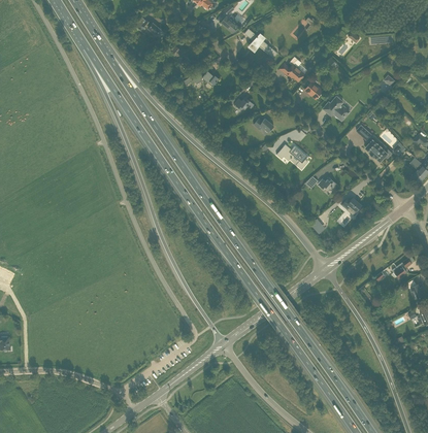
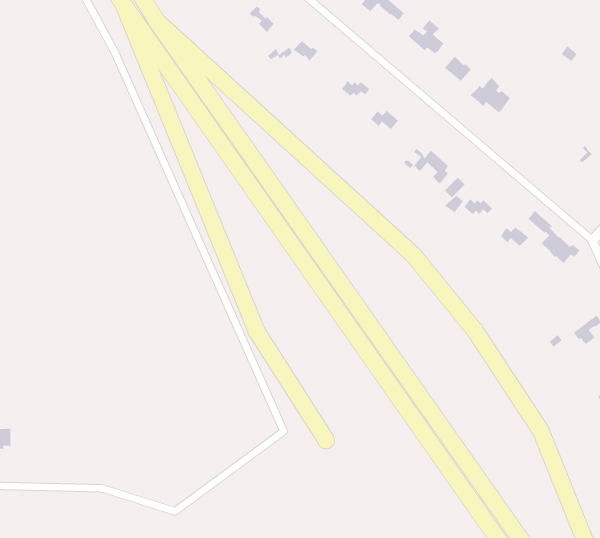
building: [355,124,391,161] -> [527,210,580,264]

